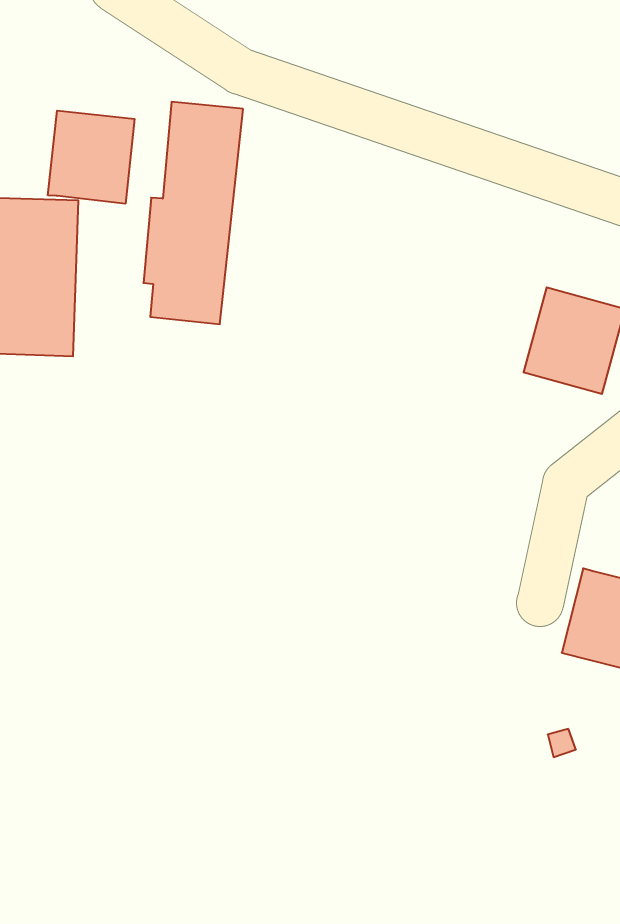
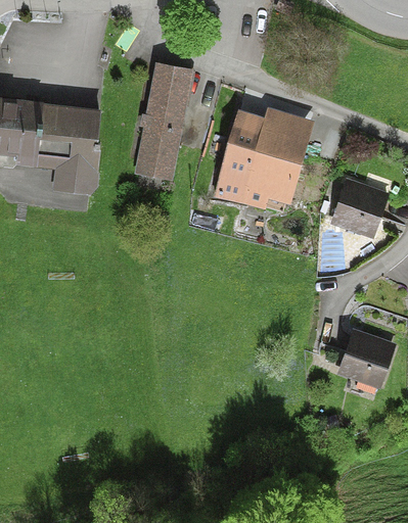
building: [48,111,135,204] -> none
building: none -> [210,106,316,210]

